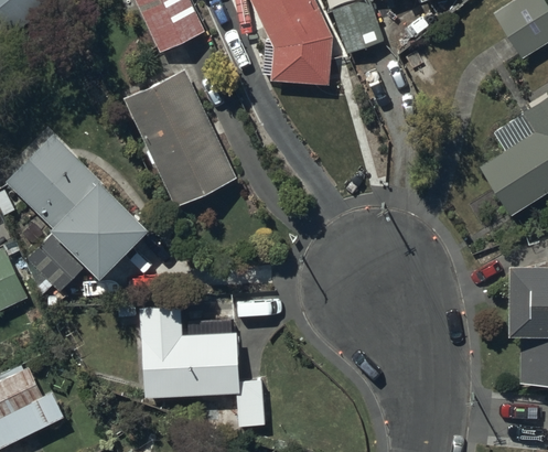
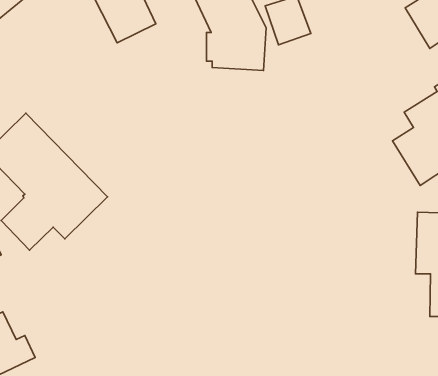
building: [123,71,236,207] -> none
building: [139,306,266,426] -> none

